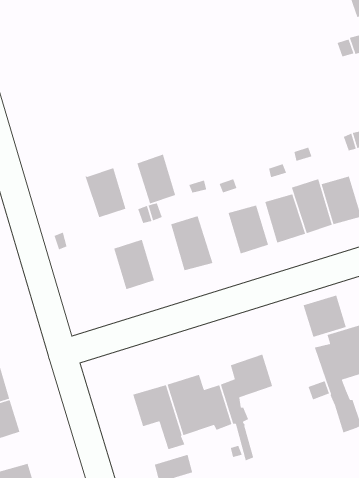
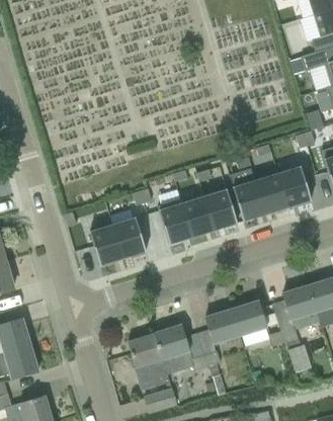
building: [134,154,176,204] -> [180,196,214,237]
building: [85,167,127,218] -> [89,225,122,265]
building: [303,295,347,338] -> [232,301,267,335]

